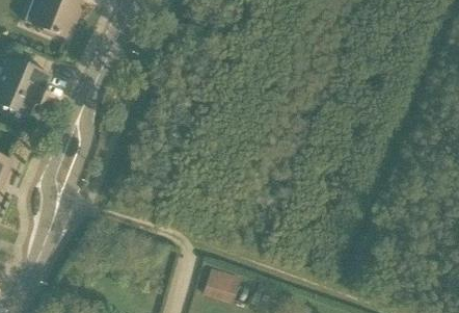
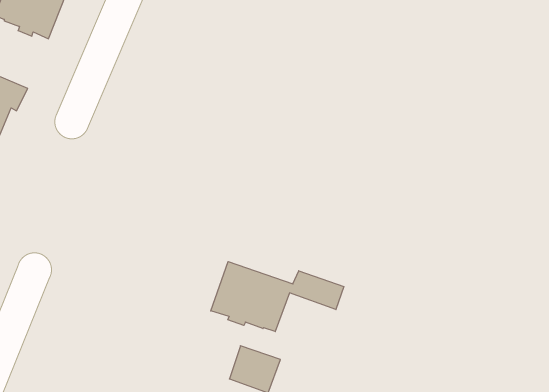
building: none -> [211,262,344,332]

